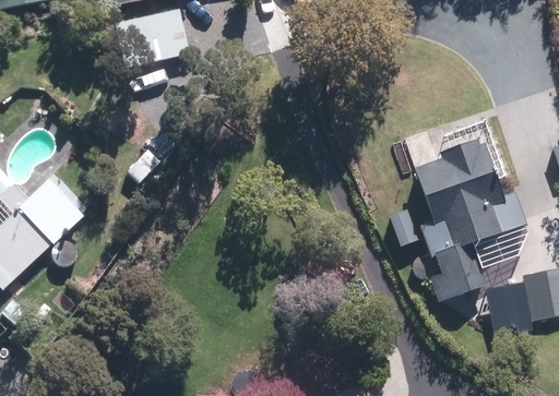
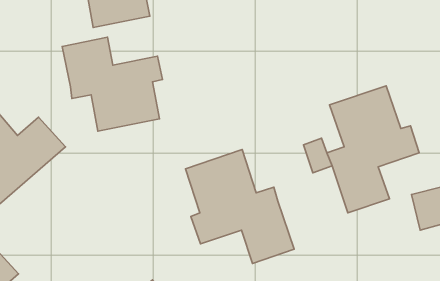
building: none -> [62,37,163,131]
building: none -> [185,150,294,263]

